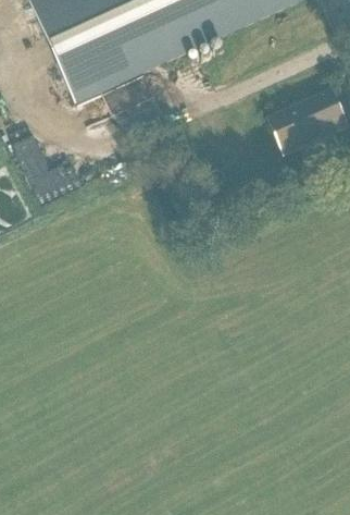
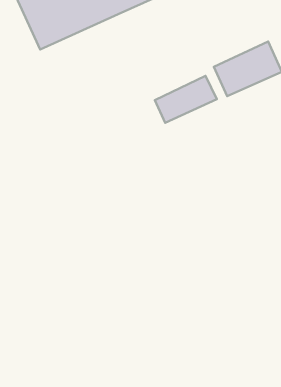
building: none -> [155,76,217,123]

